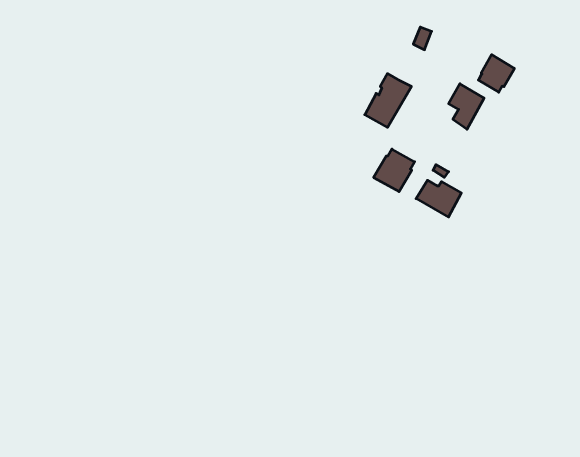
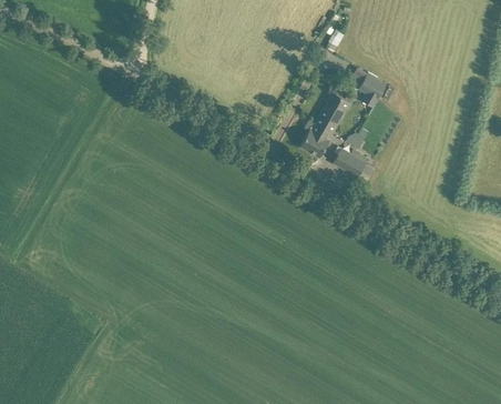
building: [478,55,514,92] -> none
building: [365,74,411,127] -> [314,90,350,132]

